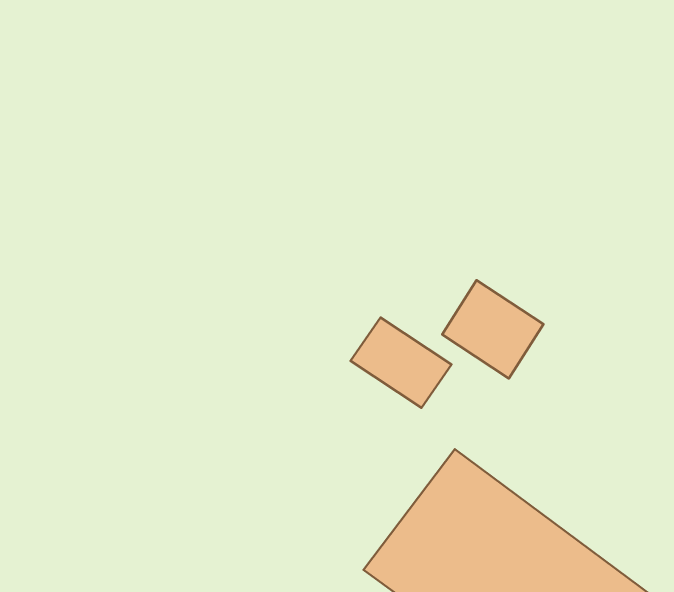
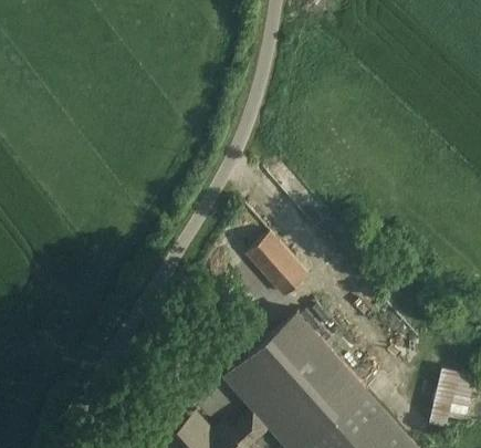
building: [442,280,543,379] -> none

